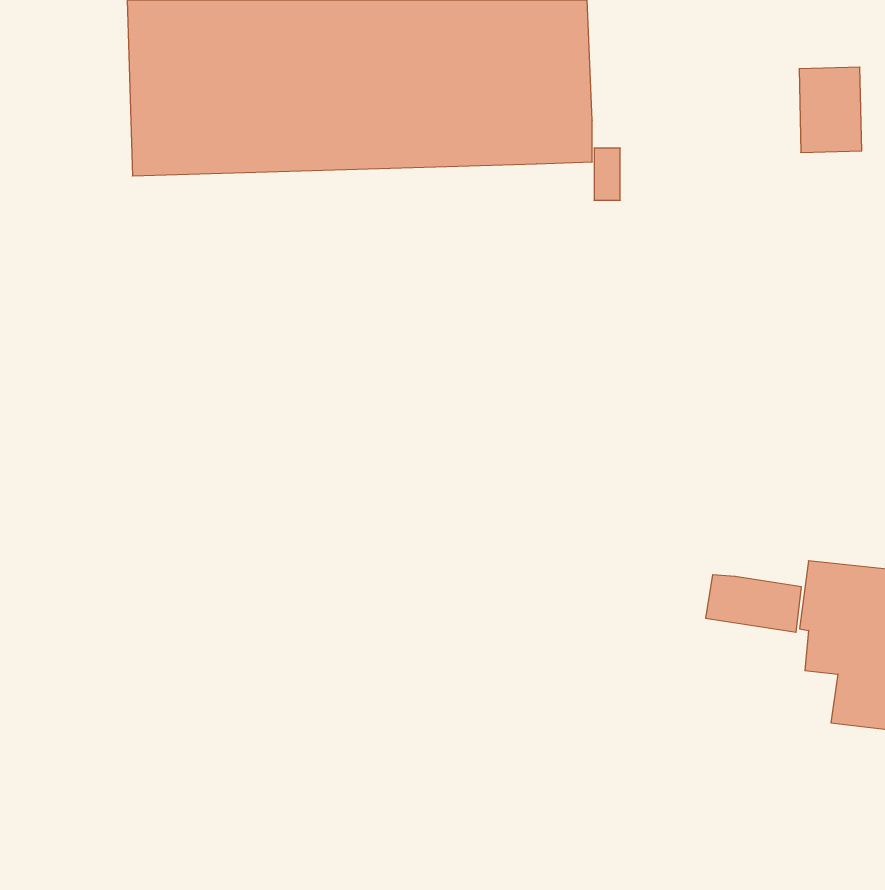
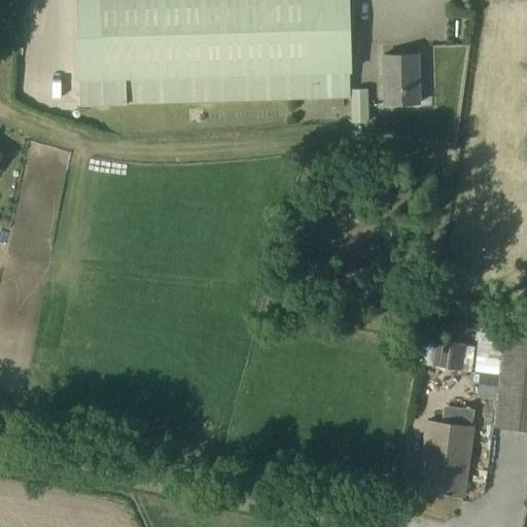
building: [799,67,862,152] -> [386,55,423,105]
building: none -> [420,406,477,497]

